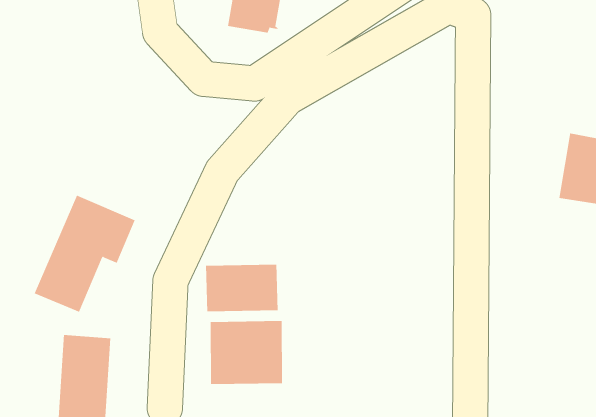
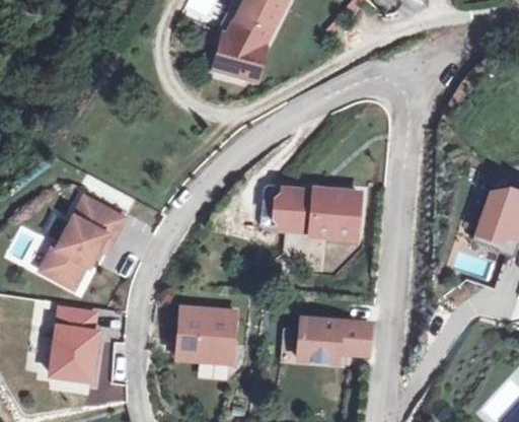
building: none -> [275,184,359,237]
building: [205,264,278,312] -> none
building: none -> [298,316,373,363]

